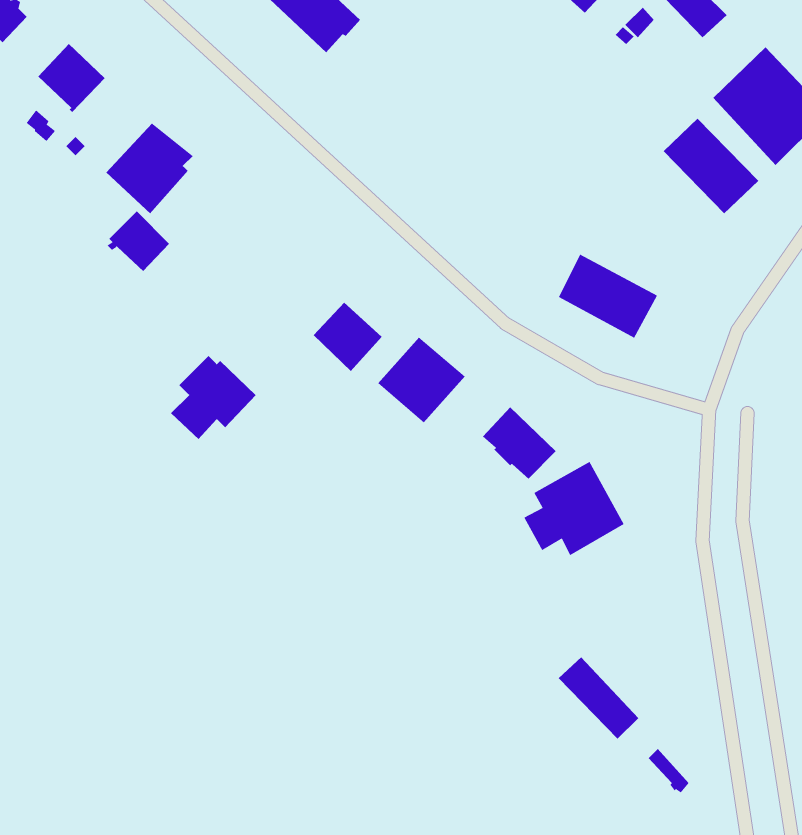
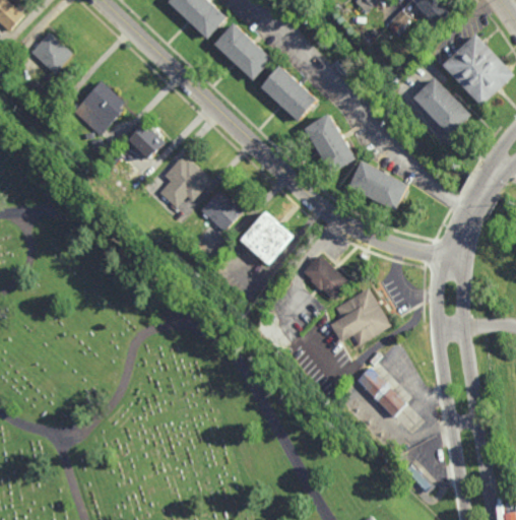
building: none -> [212,22,271,80]
building: none -> [259,65,317,122]
building: none -> [304,114,357,175]
building: [107,211,170,272] -> [125,122,164,159]
building: [170,355,257,440] -> [156,156,209,208]
building: [558,657,639,740] -> [354,367,404,417]

